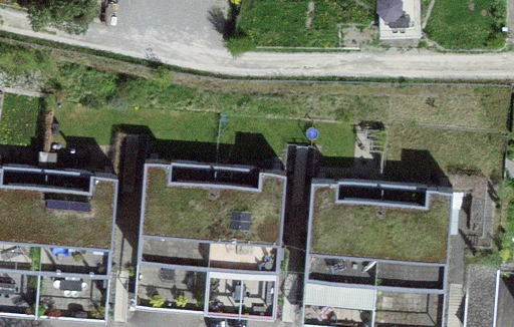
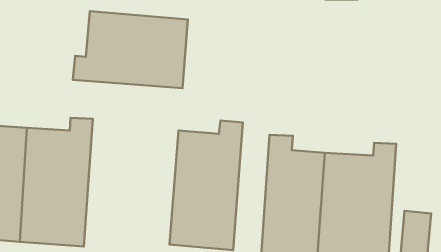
building: none -> [73,11,188,88]
building: [132,156,213,305] -> none

